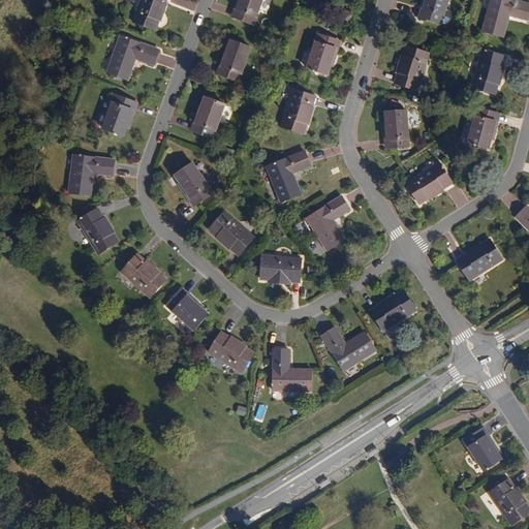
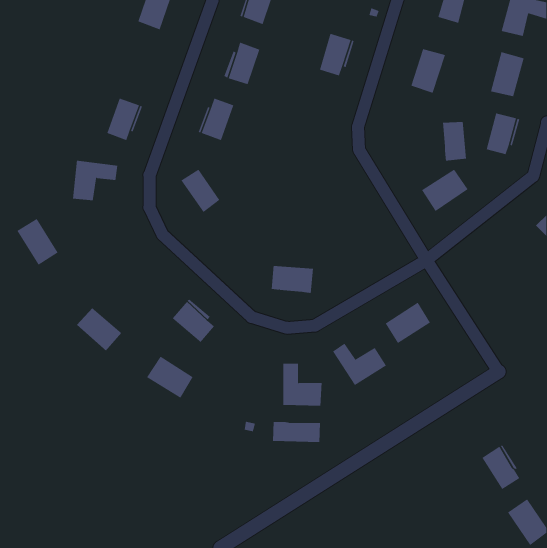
building: [106,35,158,79] -> none
building: [280,89,314,132] -> none
building: [385,113,409,151] -> [442,121,467,161]
building: [267,153,309,203] -> none
building: [308,198,349,252] -> none
building: [76,209,117,254] -> [17,218,58,265]
building: [209,211,253,254] -> none
building: [457,240,502,280] -> none
building: [120,254,164,297] -> [76,308,122,352]
building: [208,332,253,373] -> [146,356,194,399]
building: none -> [272,421,320,443]

